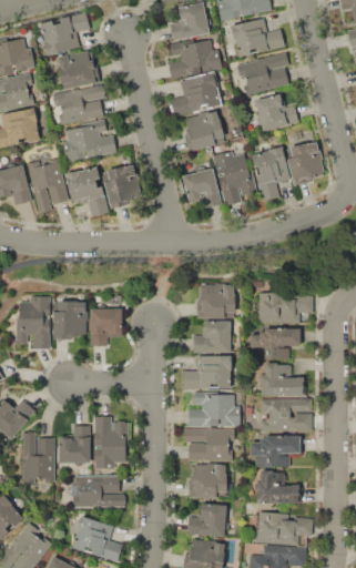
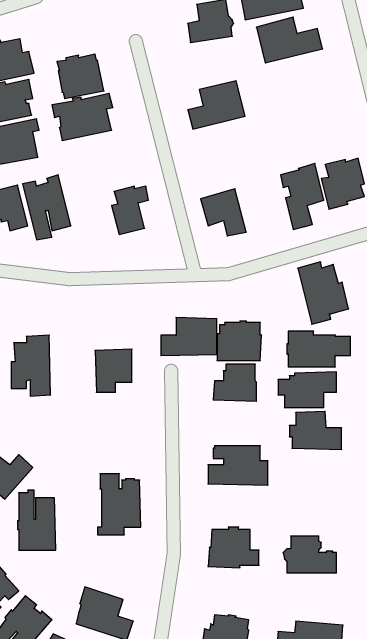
building: [40,11,90,54] -> none
building: [169,40,222,78] -> none
building: [237,52,289,94] -> none
building: [255,94,298,131] -> none
building: [184,110,225,150] -> none
building: [62,119,118,162] -> none
building: [213,150,257,204] -> [298,262,349,324]
building: [65,166,108,215] -> none
building: [53,301,87,338] -> none
building: [183,355,232,388] -> [161,317,217,356]
building: [261,398,313,429] -> none
building: [59,425,91,466] -> none
building: [183,428,235,460] -> none
building: [251,435,301,467] -> none
building: [70,475,125,507] -> none
building: [187,503,235,536] -> none
building: [256,511,313,545] -> none

